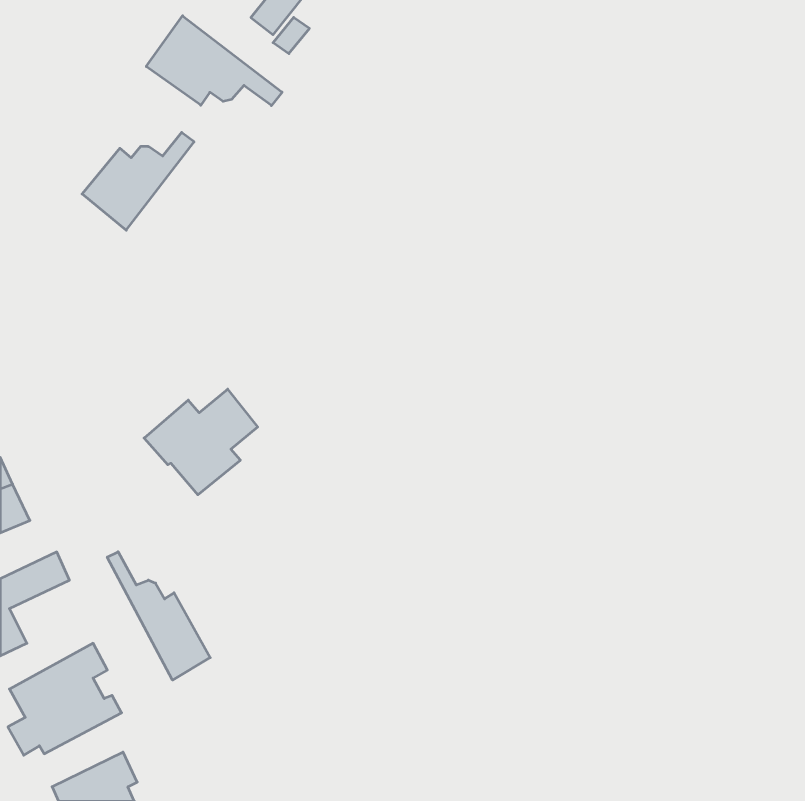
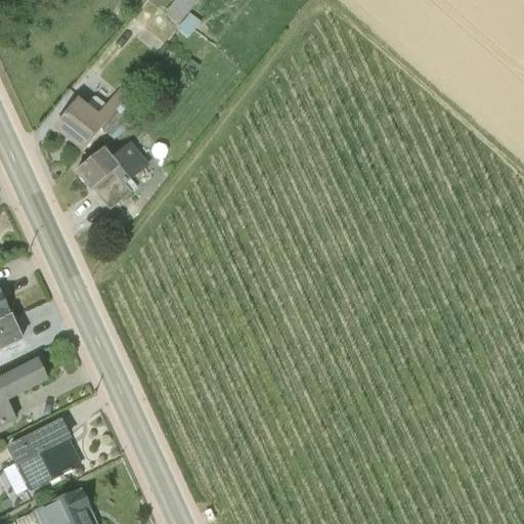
building: [146,16,282,106] -> none
building: [144,389,258,495] -> [76,138,149,207]
building: [107,552,210,680] -> none

